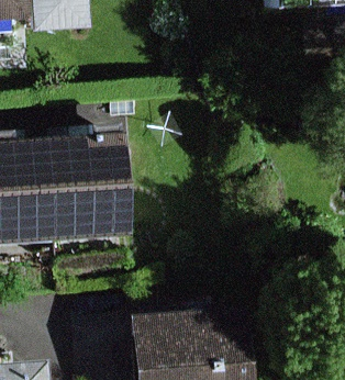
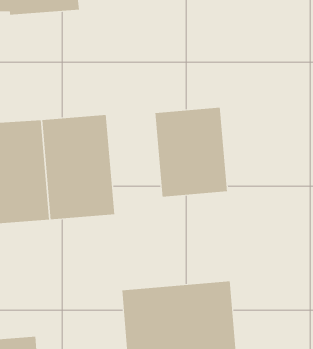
building: none -> [155,107,227,198]

